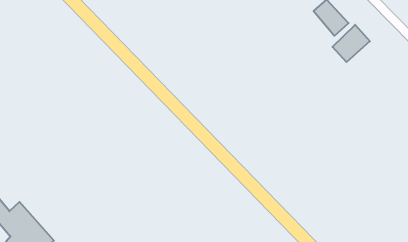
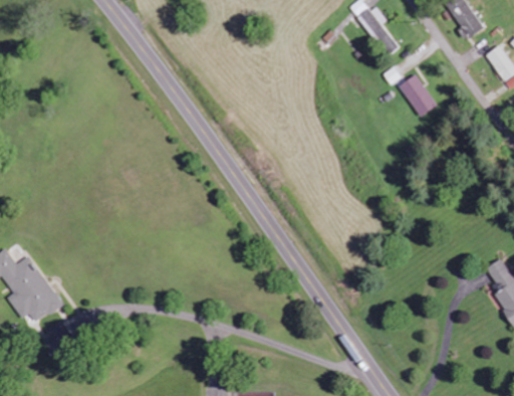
building: [332,25,370,62] -> none

